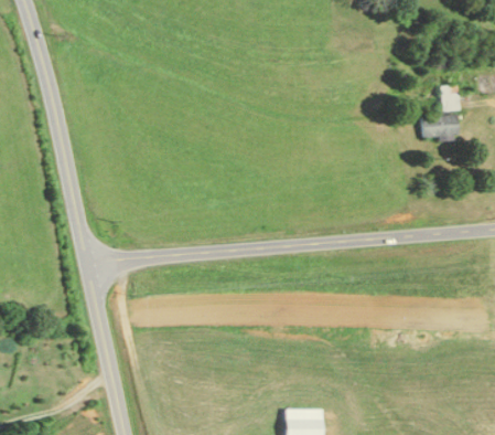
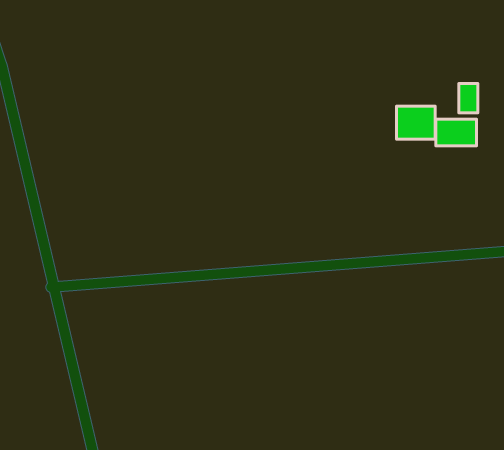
building: none -> [397,106,435,139]

